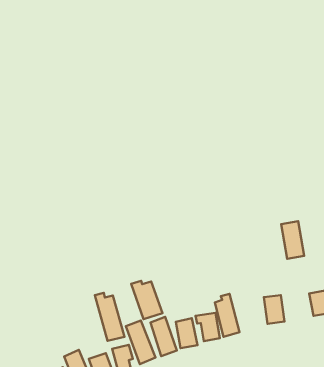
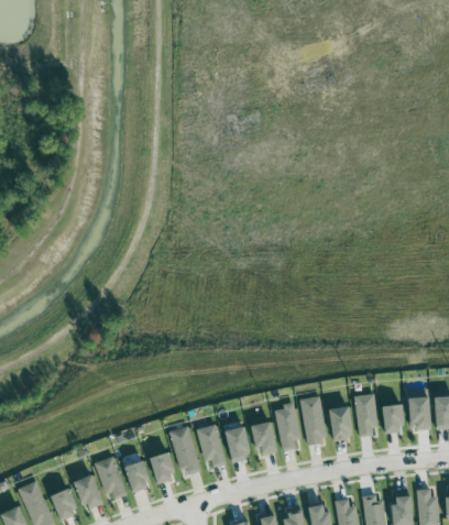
building: [281,221,304,259] -> [353,394,377,437]
building: [131,281,162,319] -> none
building: none -> [298,395,328,445]
building: [95,293,125,341] -> none

